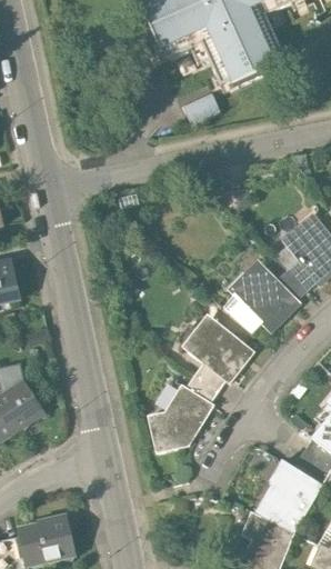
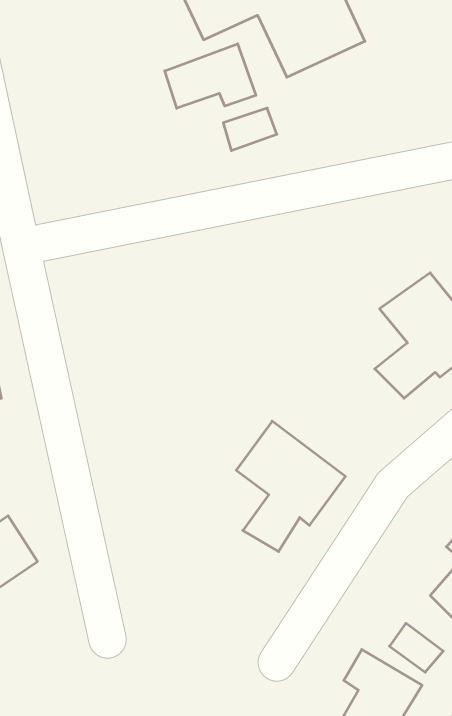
building: none -> [165,44,256,108]
building: [223,260,303,333] -> none
building: [149,387,214,453] -> none

